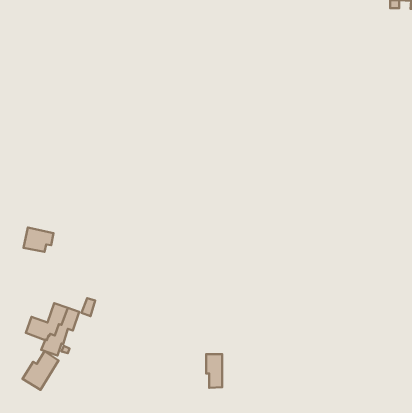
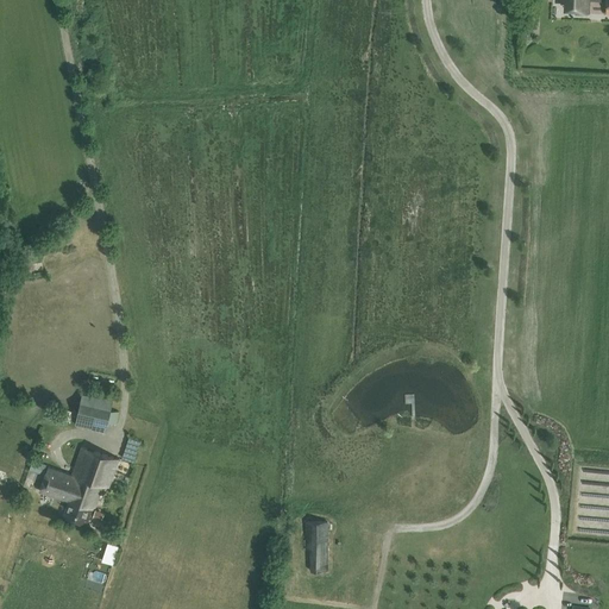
building: [24,227,54,252] -> [75,396,119,432]
building: [23,351,58,390] -> none

